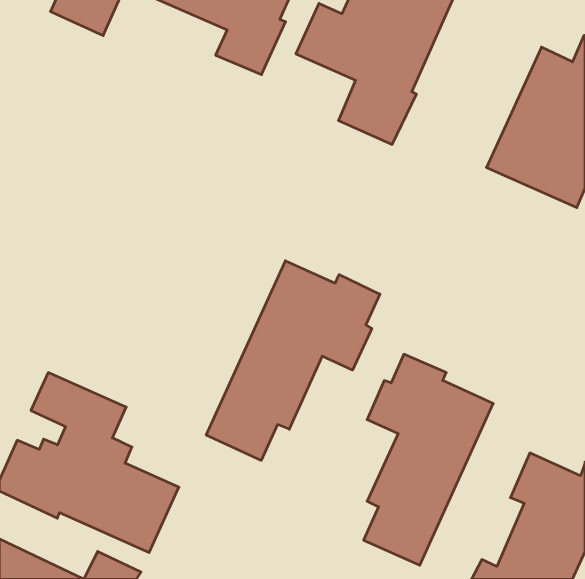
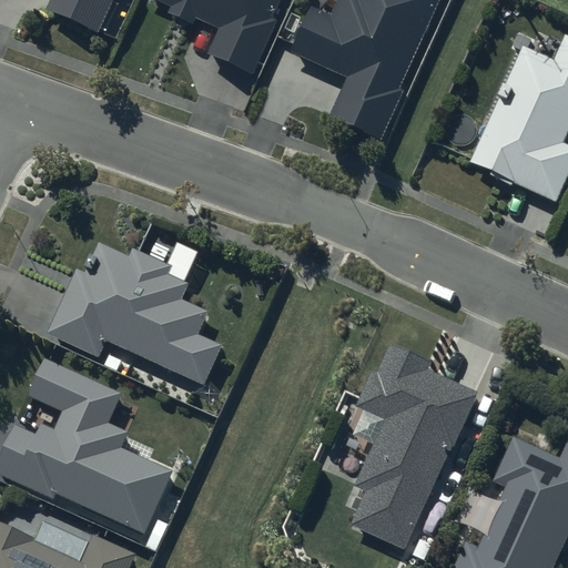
building: none -> [48,245,225,387]
building: [206,261,380,460] -> none

